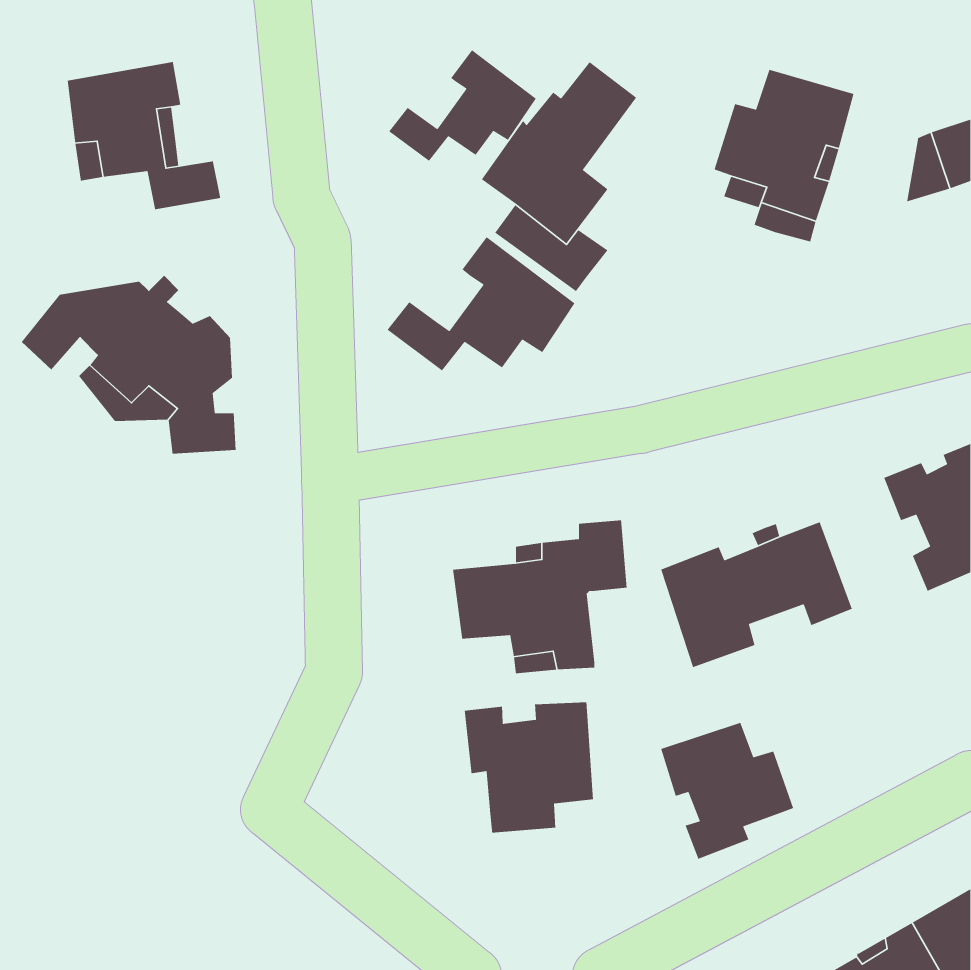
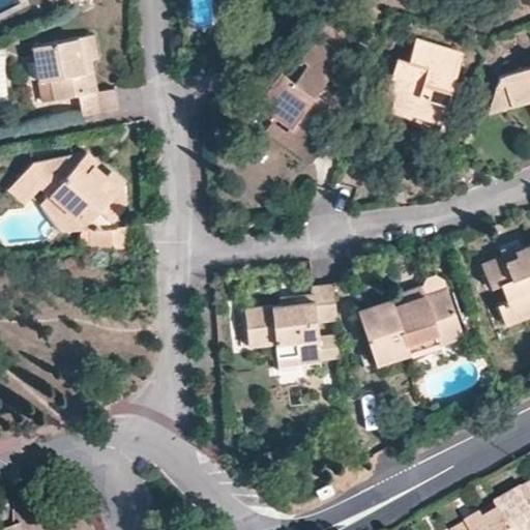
building: [388,49,537,162] -> none
building: [386,236,575,371] -> none
building: [464,701,594,834] -> none
building: [660,722,794,860] -> none

